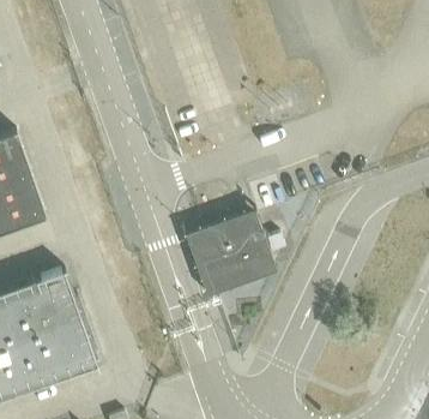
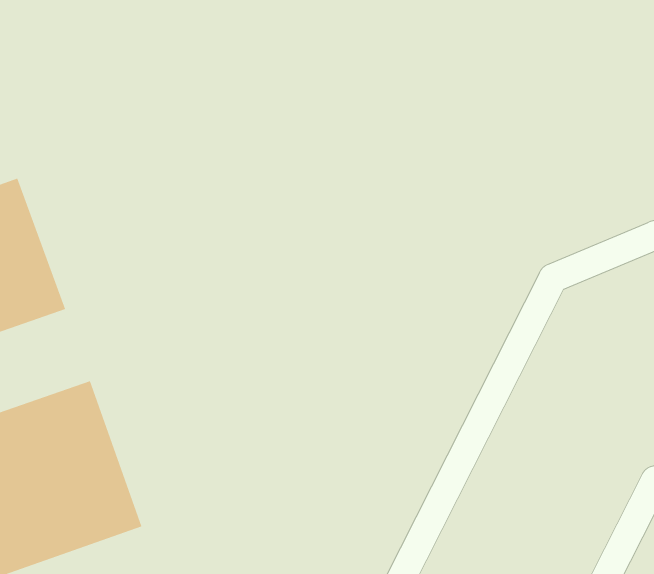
building: [197,223,268,285] -> none

